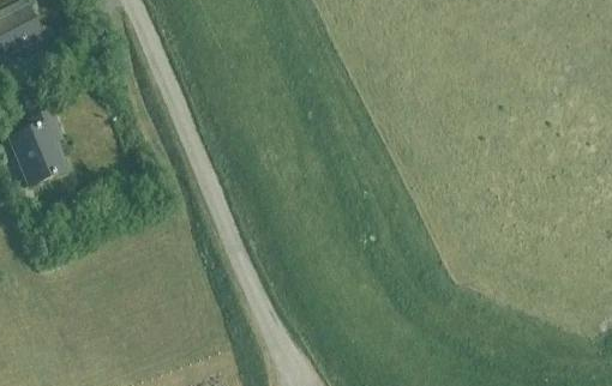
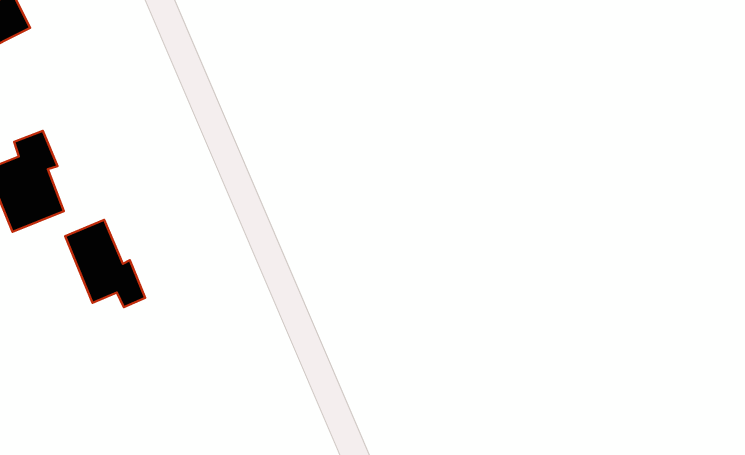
building: none -> [65,220,145,307]

